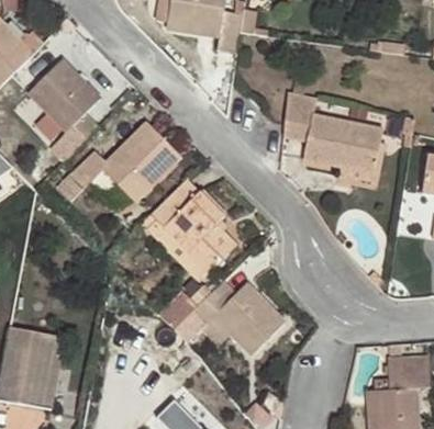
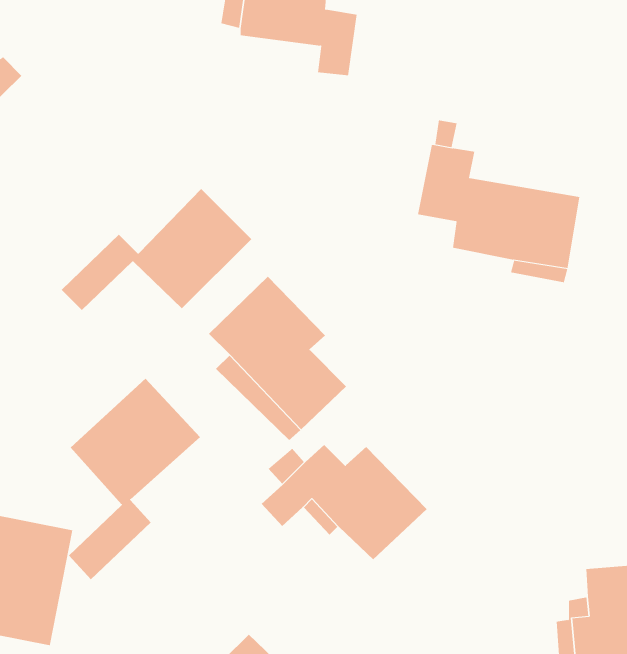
building: [26,59,98,159] -> none
building: none -> [68,378,201,580]

